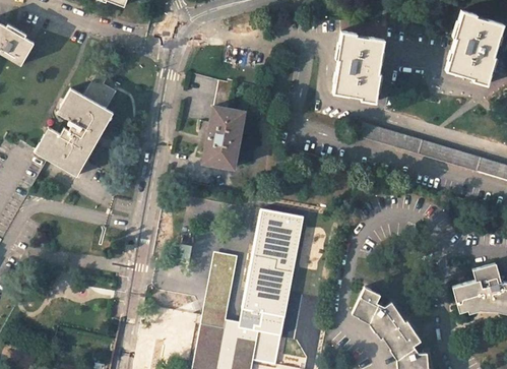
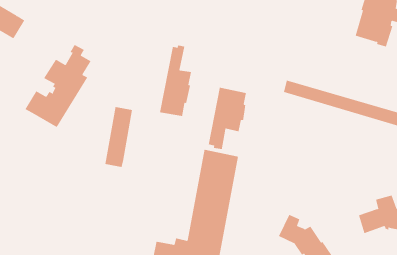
building: [333,28,383,98] -> none
building: none -> [208,87,247,150]
building: [199,250,235,326] -> [104,106,133,168]

